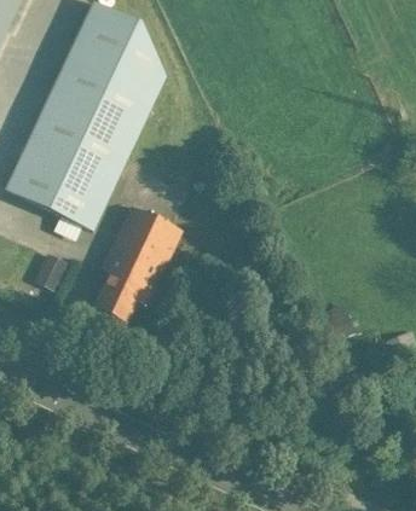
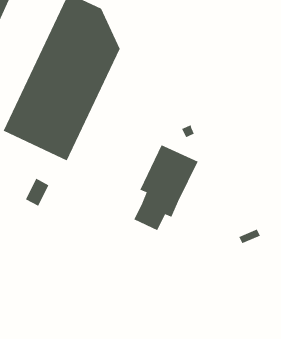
building: [94,204,183,321] -> [133,144,198,231]

